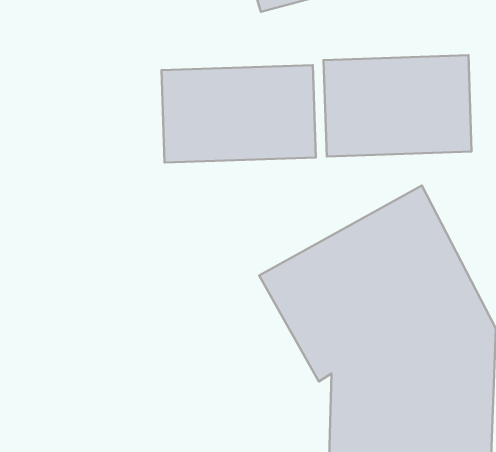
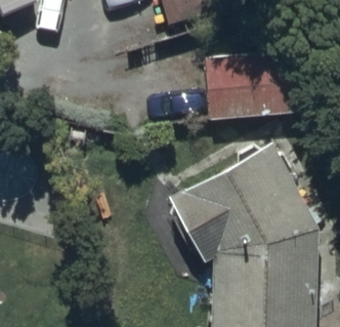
building: [161,65,316,162] -> none

